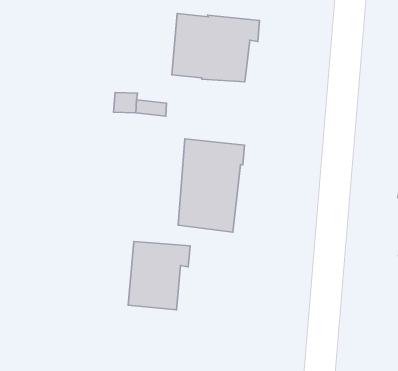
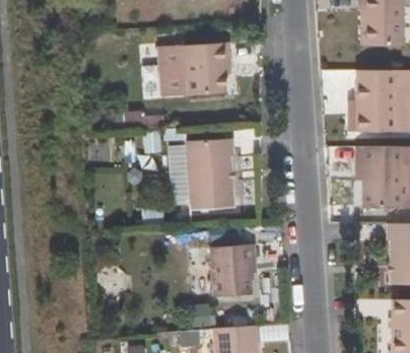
building: [128,241,190,310] -> [210,244,255,297]

